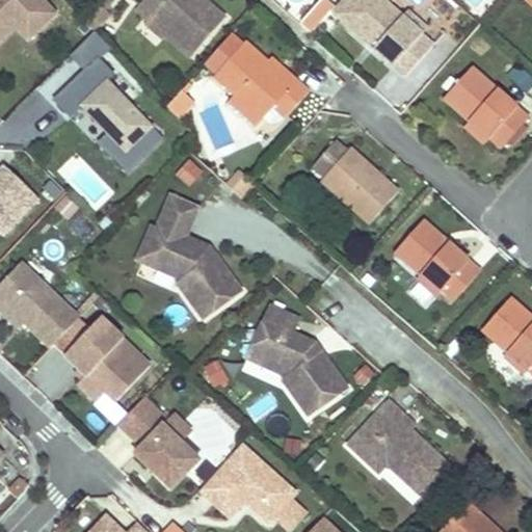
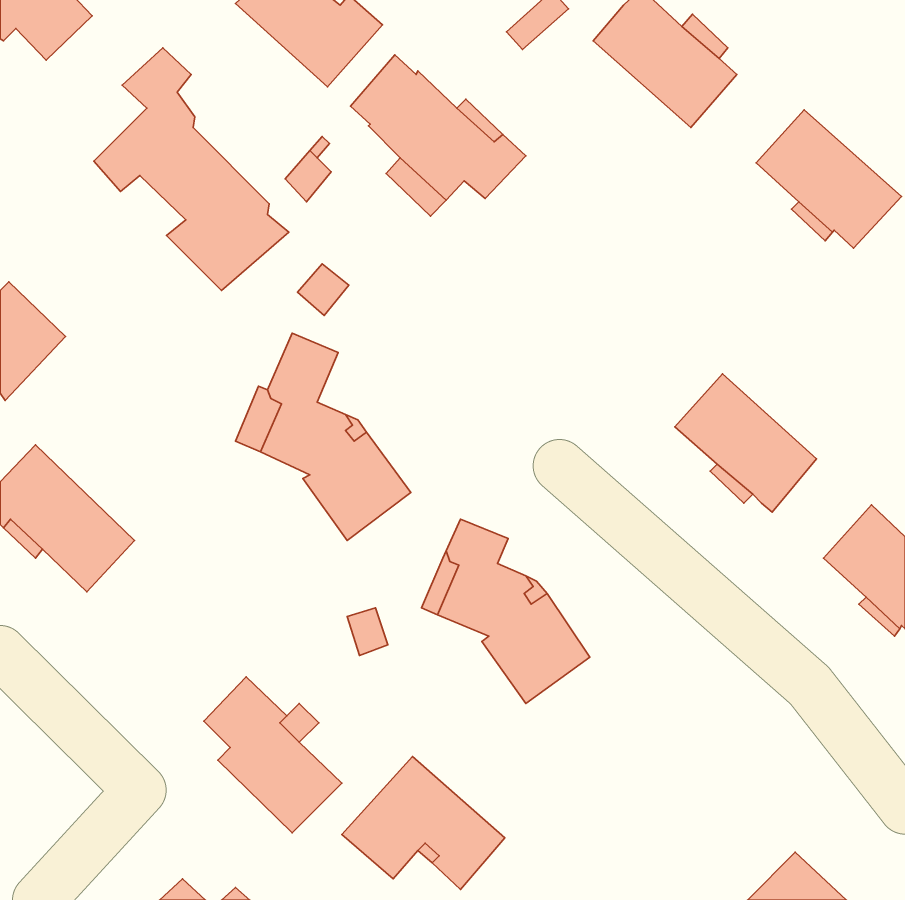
building: [313,138,398,221] -> none
building: [65,317,151,401] -> none
building: [349,400,448,493] -> none

